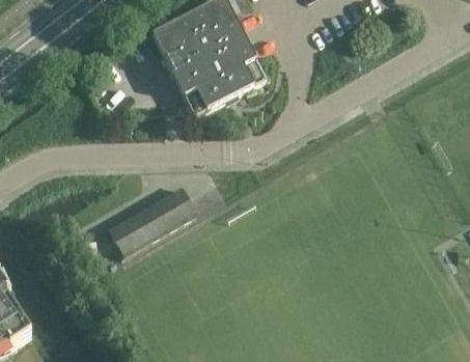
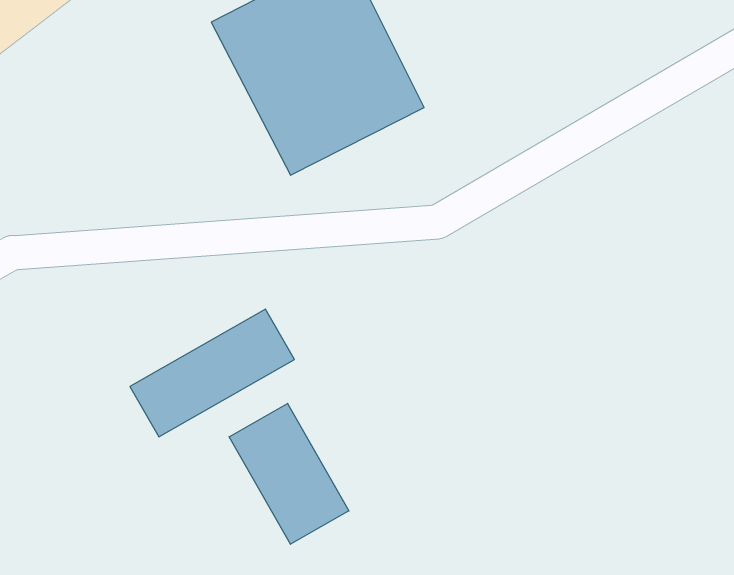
building: none -> [229,403,349,544]

